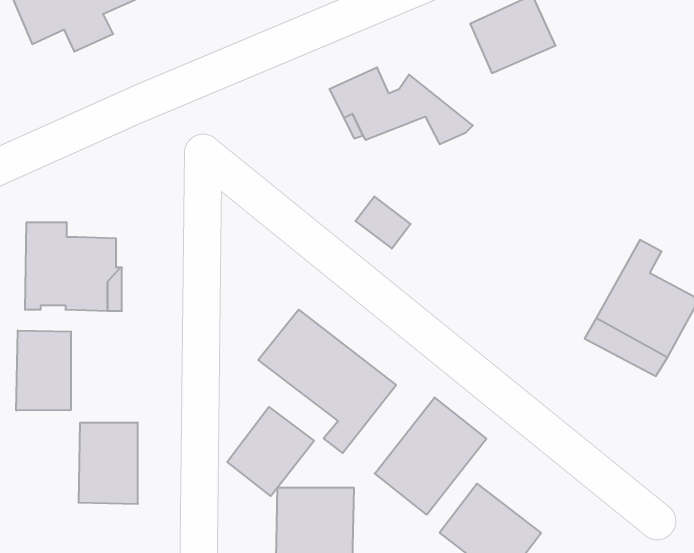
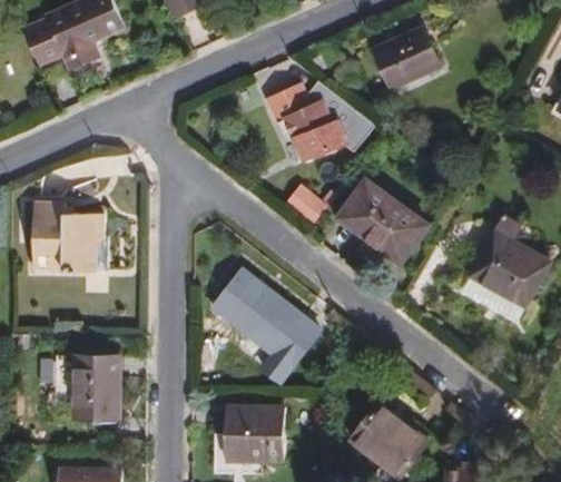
building: none -> [294,121,351,160]
building: none -> [336,177,431,265]
building: [16,330,71,411] -> none
building: [375,397,486,515] -> none
building: [227,407,314,496] -> none

